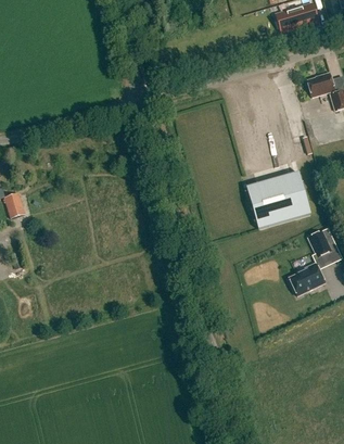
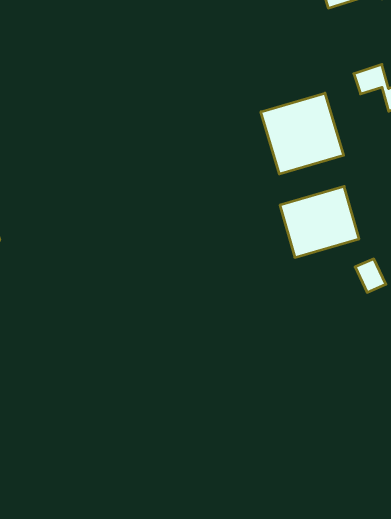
building: none -> [261,93,344,174]
building: [290,263,326,295] -> none

